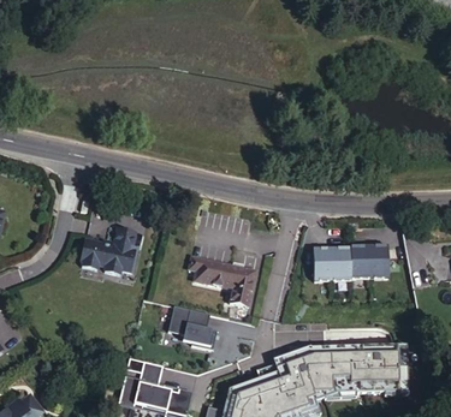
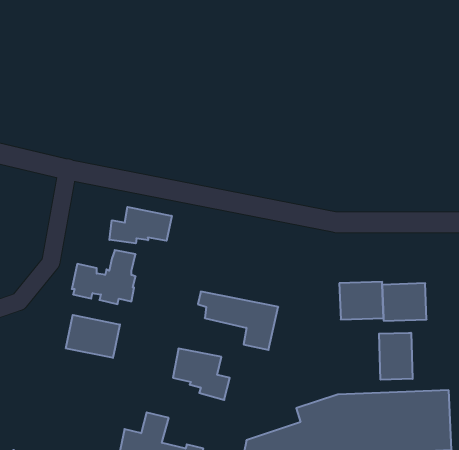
building: none -> [109,207,172,243]
building: none -> [66,315,120,358]
building: none -> [379,333,413,380]

